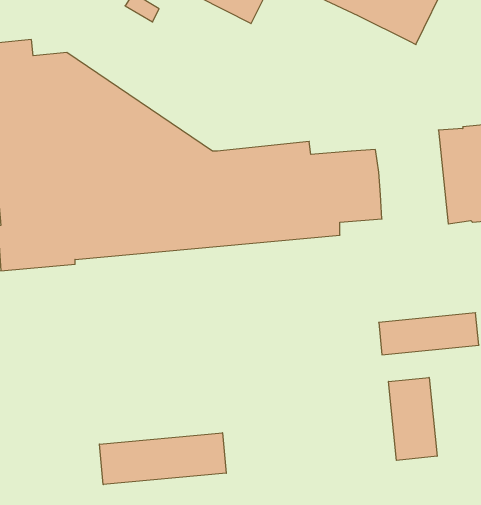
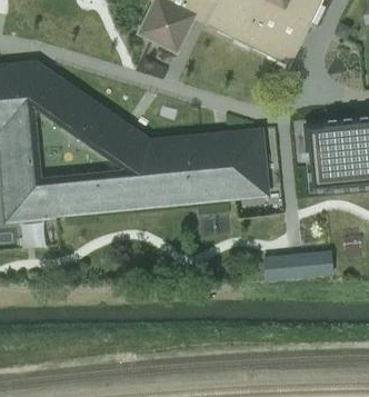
building: [389,377,437,460] -> none
building: [99,433,226,485] -> none

